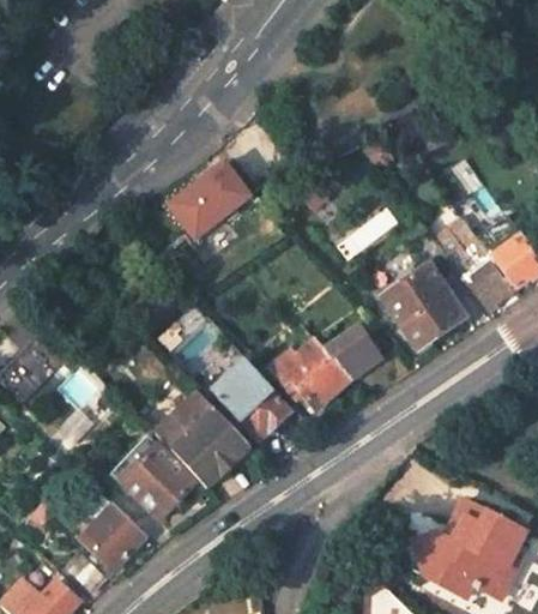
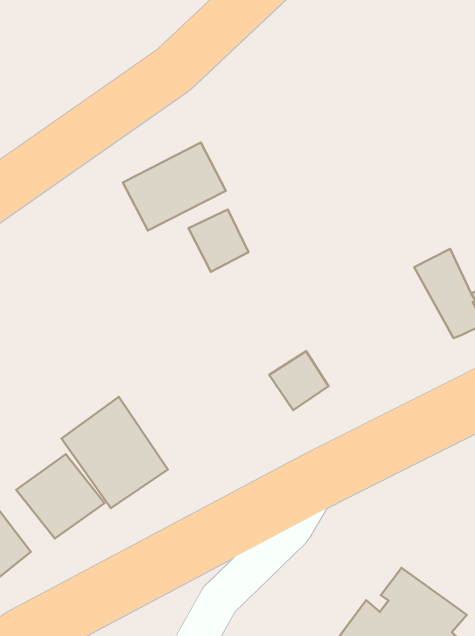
building: none -> [189,209,249,272]
building: [382,263,464,347] -> none
building: [271,338,349,407] -> none
building: [211,361,289,440] -> none

